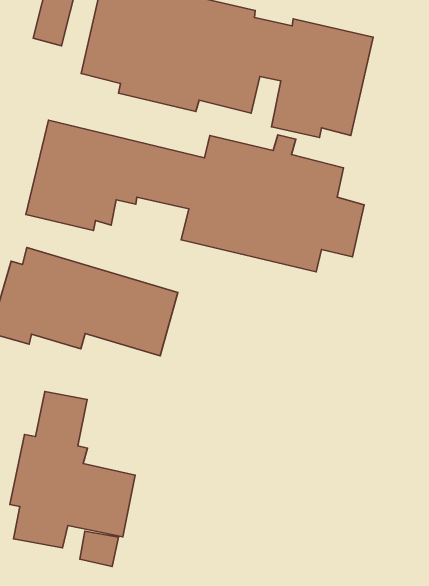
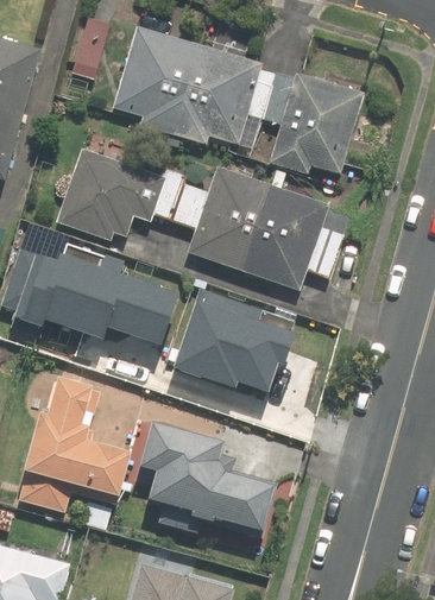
building: none -> [175,307,294,398]
building: none -> [139,419,277,532]

